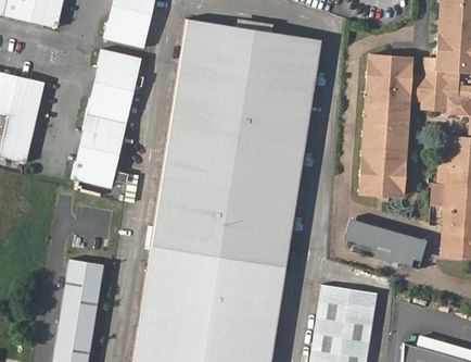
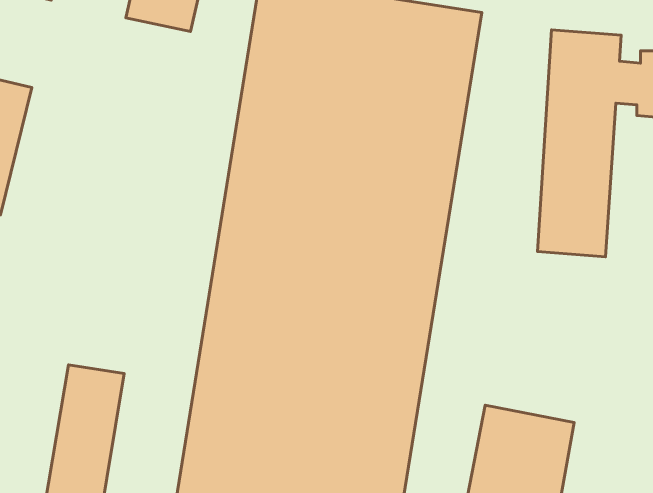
building: [71,51,141,191] -> none
building: [352,220,422,264] -> none

